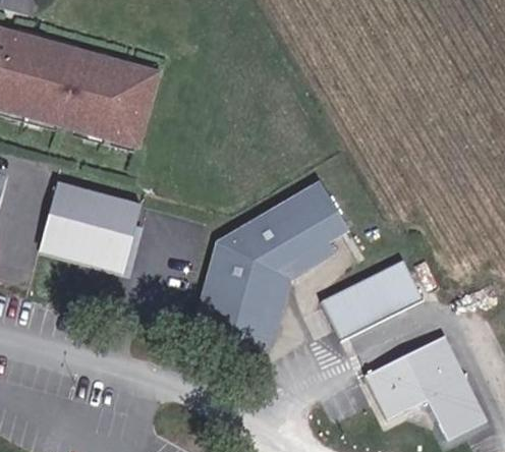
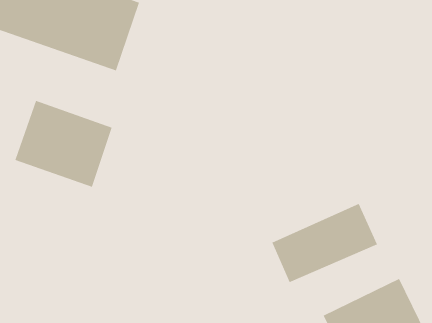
building: [195,178,350,338] -> none

